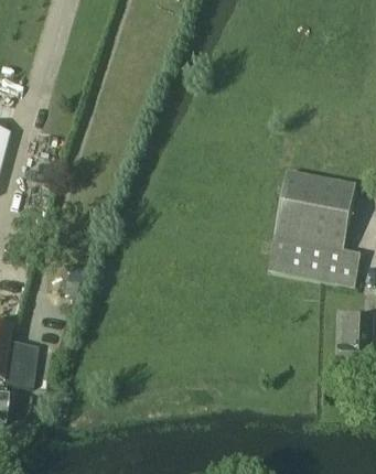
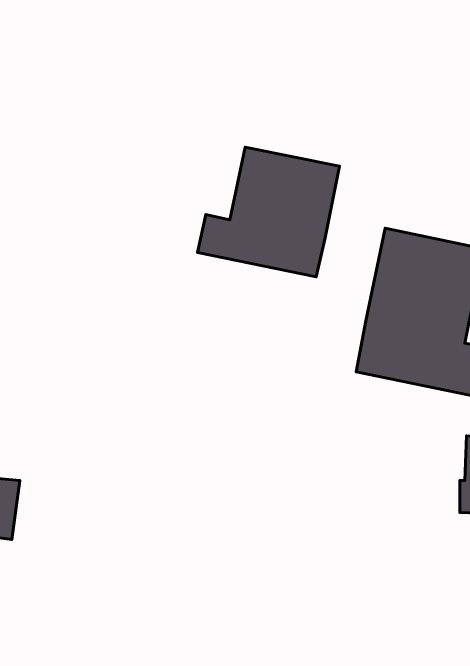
building: none -> [197,147,340,277]

